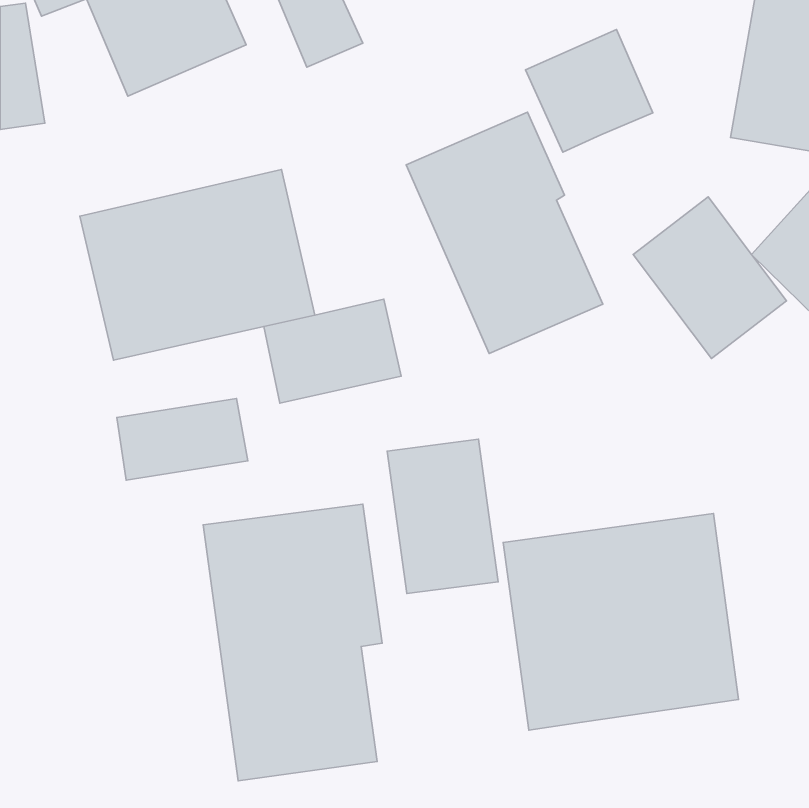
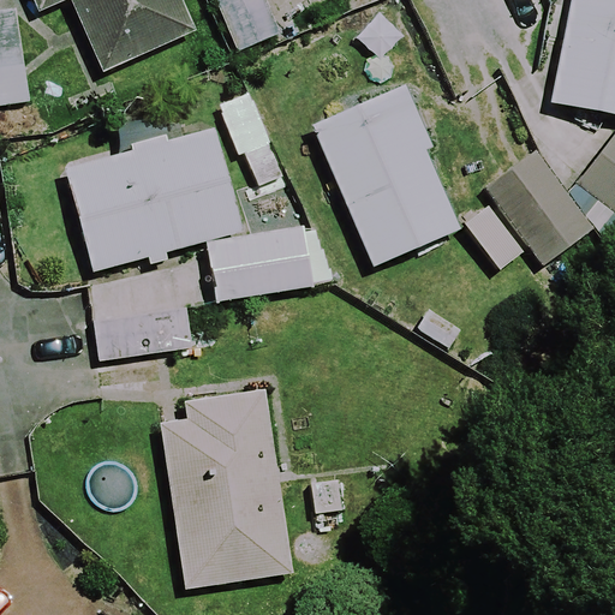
building: [525,30,653,152] -> none
building: [387,439,498,594] -> none
building: [503,513,739,730] -> none

